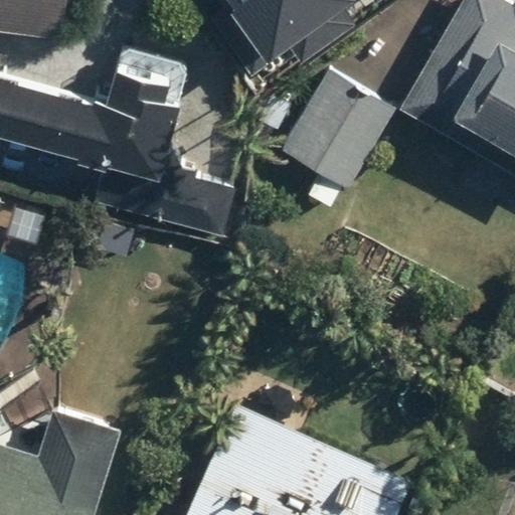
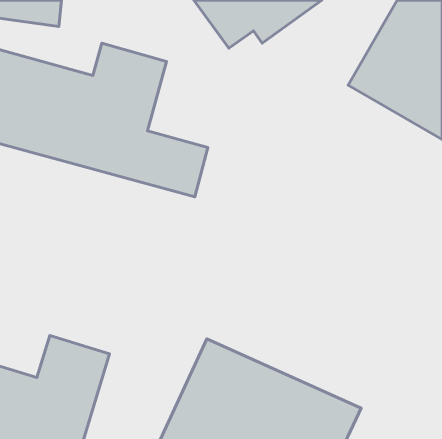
building: [280,65,397,189] -> none

